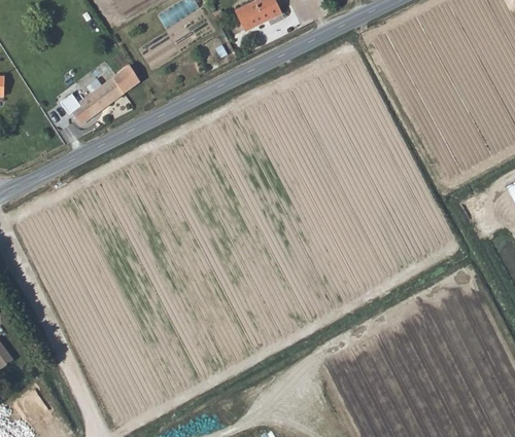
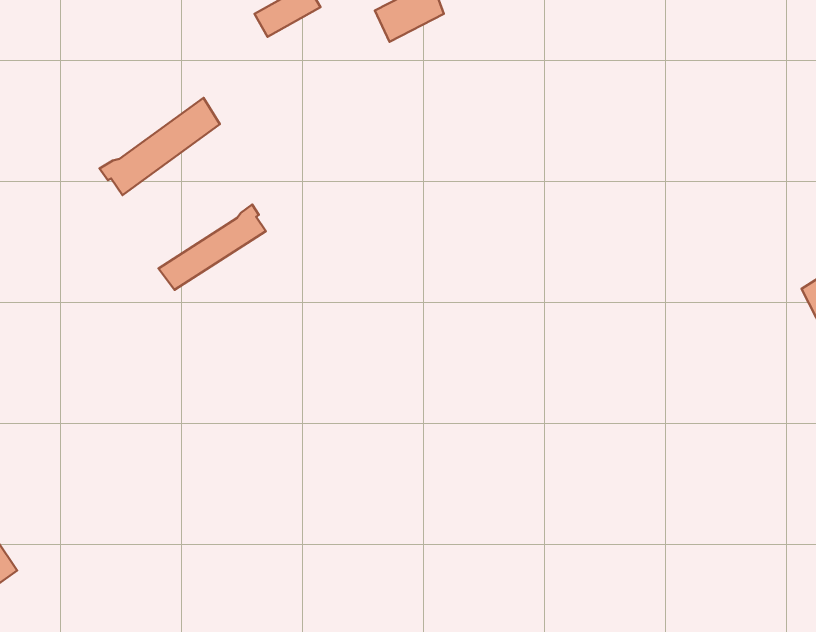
building: none -> [159,204,266,290]

